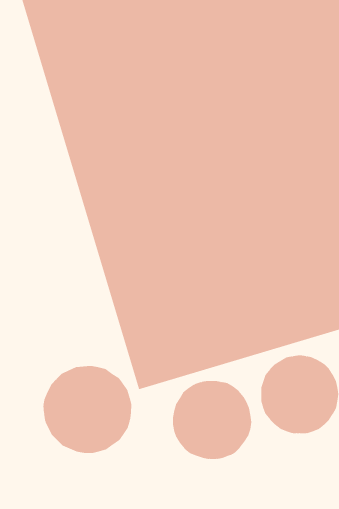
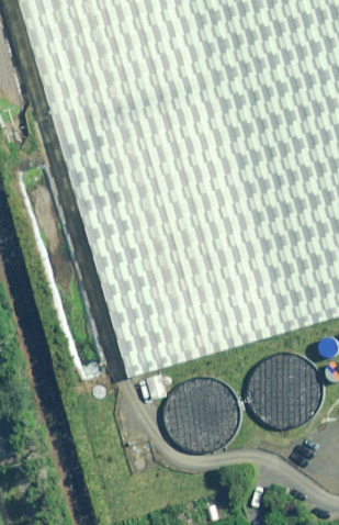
building: [43,365,132,454] -> none

